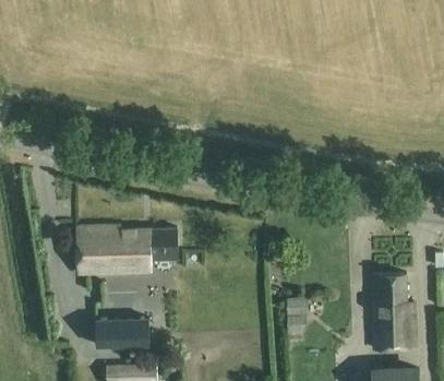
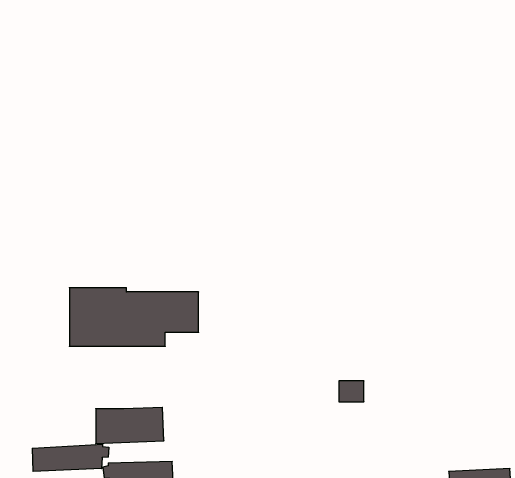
building: [372,274,412,349] -> none
building: none -> [32,444,109,471]

